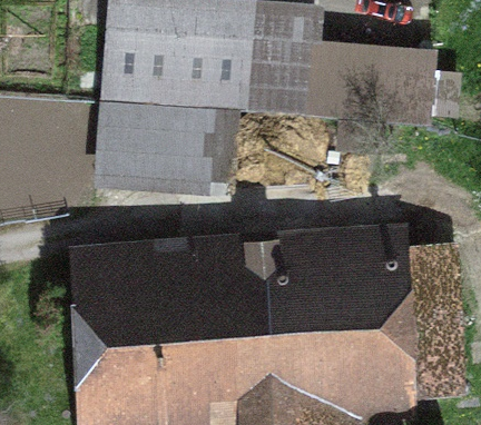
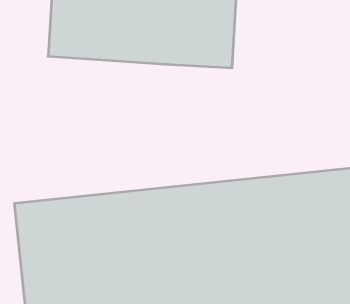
building: [312,41,440,121] -> none
building: [95,100,235,190] -> none

